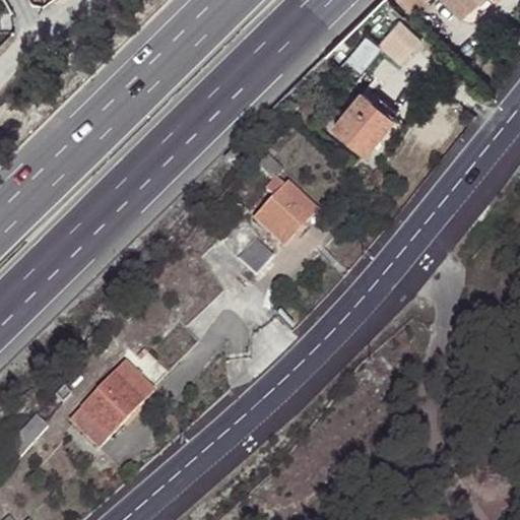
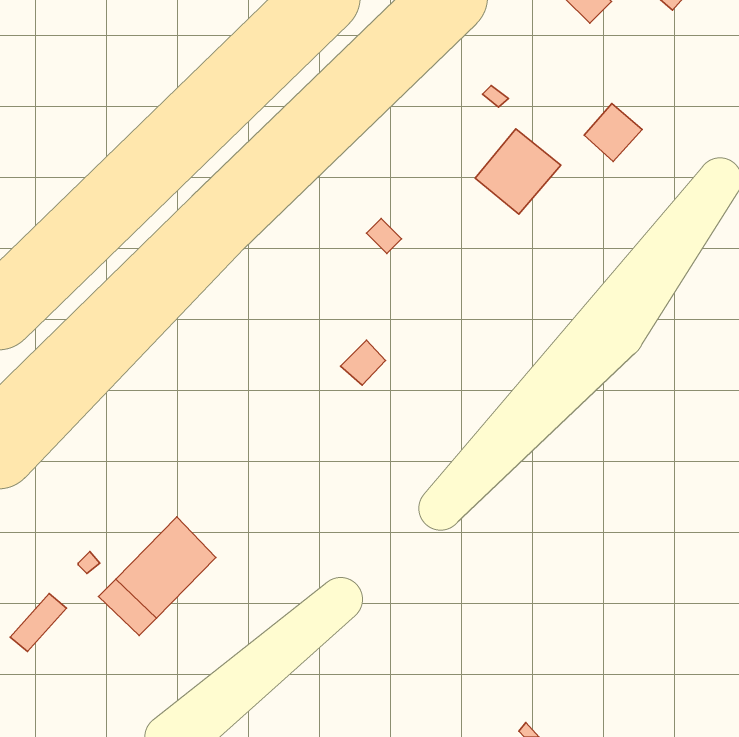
building: [379,20,419,61] -> [584,103,642,161]
building: [255,178,315,244] -> none

